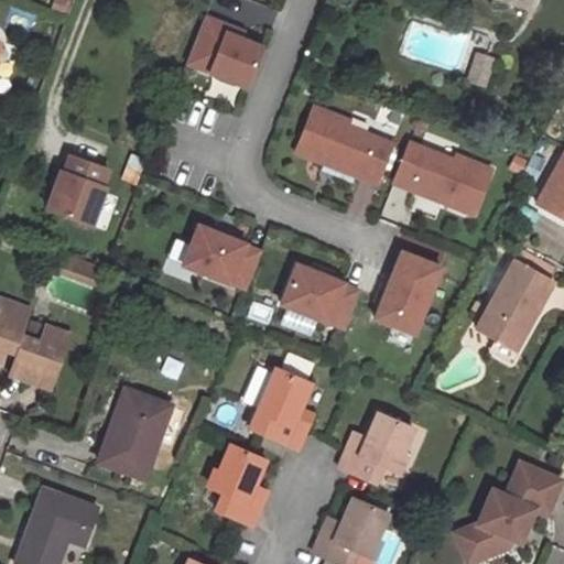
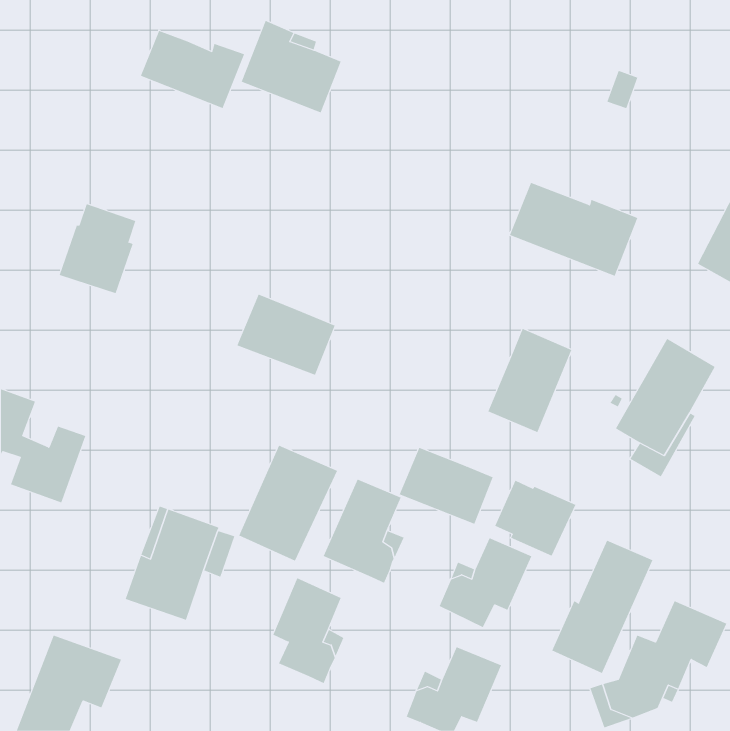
building: none -> [140,30,245,109]
building: [296,107,392,183] -> none
building: [283,267,356,326] -> [399,447,494,525]
building: none -> [238,445,338,561]
building: none -> [495,480,576,557]
building: none -> [551,540,653,674]

